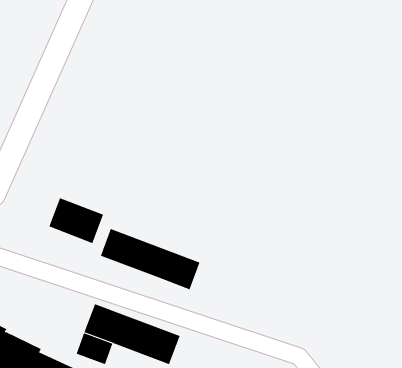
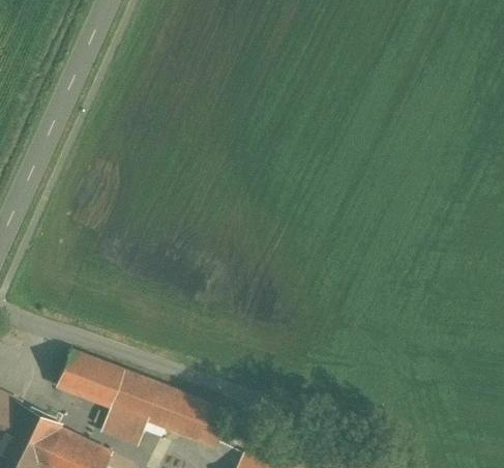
building: [48,198,104,244] -> [57,351,124,407]
building: [100,228,200,290] -> none

